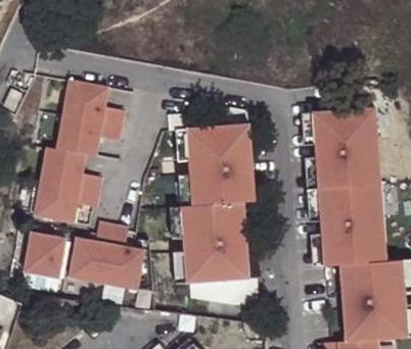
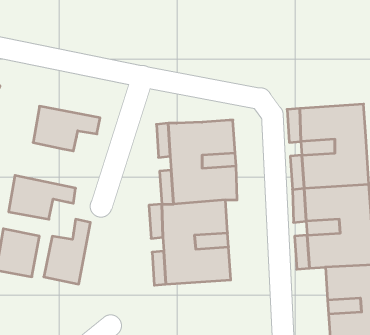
building: [63,79,125,123] -> none
building: [40,145,101,191] -> none
building: [101,223,142,289] -> none

